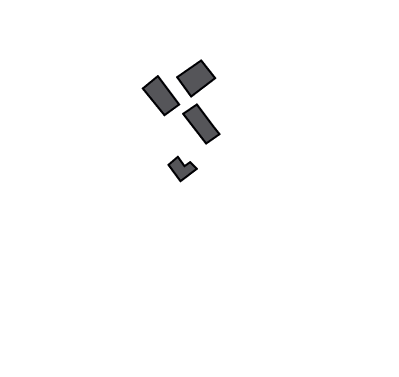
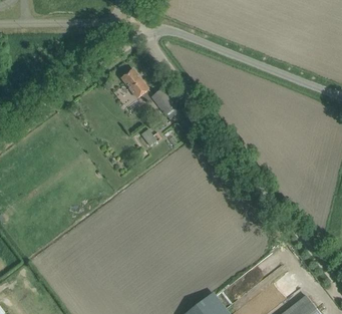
building: [177,60,215,96] -> none

